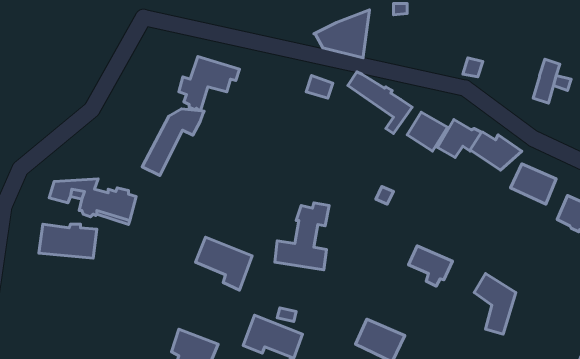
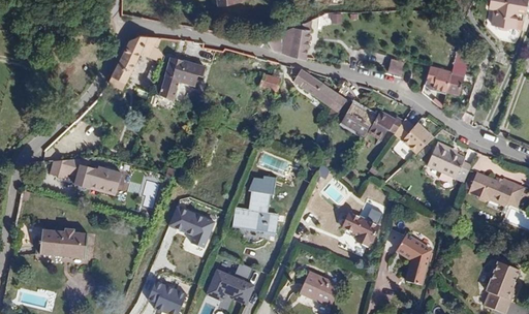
building: none -> [426,67,450,91]
building: [142,109,204,176] -> [107,34,158,89]
building: [39,224,97,258] -> [39,229,87,257]

